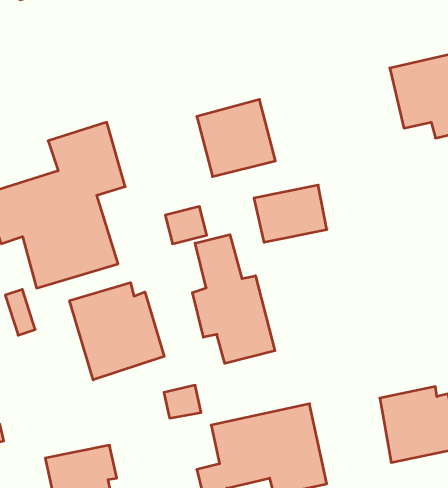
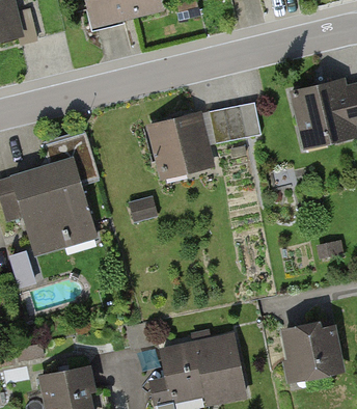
building: [254,185,327,242] -> [209,102,262,143]
building: [192,235,275,363] -> none
building: [70,283,164,380] -> none

